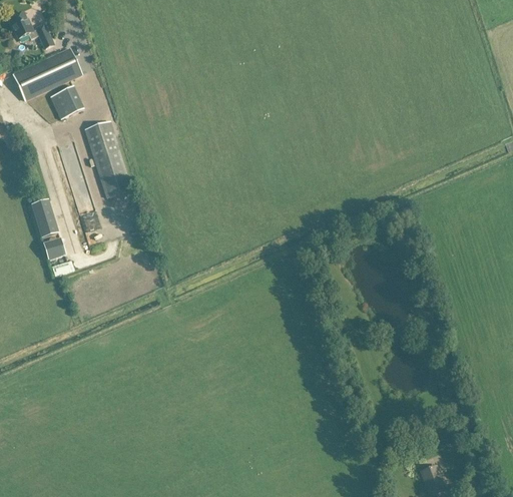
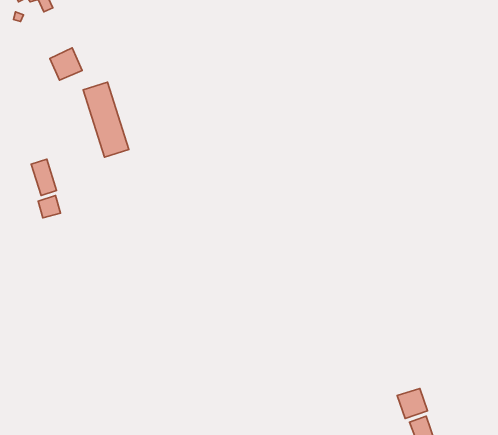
building: [14,47,82,100] -> none
building: none -> [397,388,427,419]

